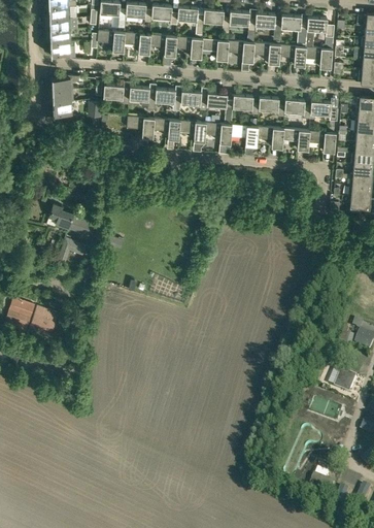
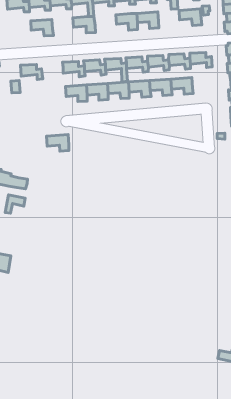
building: [98,31,126,53] -> none
building: [150,35,177,57] -> none
building: [203,39,230,61] -> none
building: [280,45,307,67] -> none
building: [130,87,157,110] -> none
building: [128,117,156,138] -> [46,135,69,151]
building: [309,131,336,153] -> none

